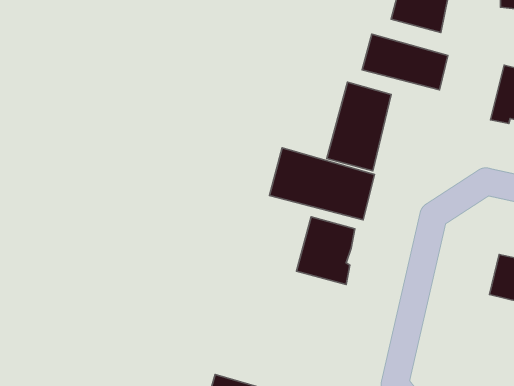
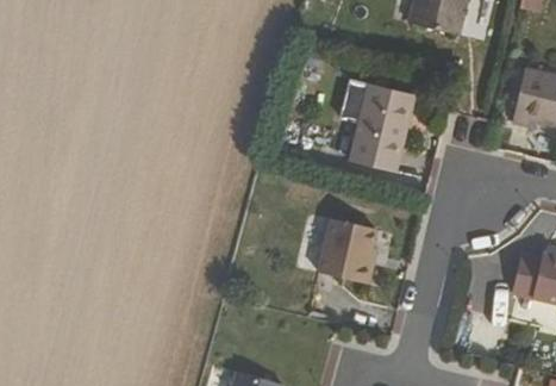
building: [362,34,448,90] -> none
building: [270,148,374,220] -> none

